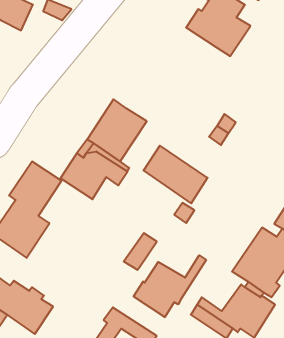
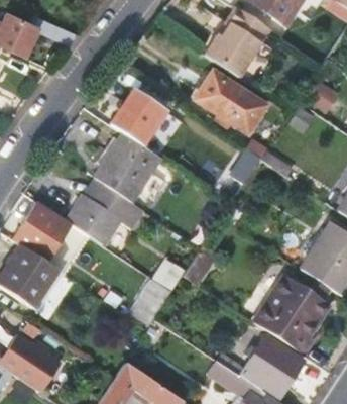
building: none -> [109,87,164,143]
building: [143,146,208,203] -> [196,70,266,133]
building: [134,255,206,317] -> none

